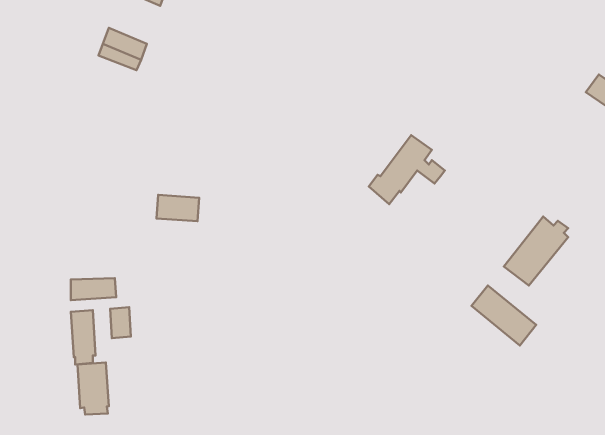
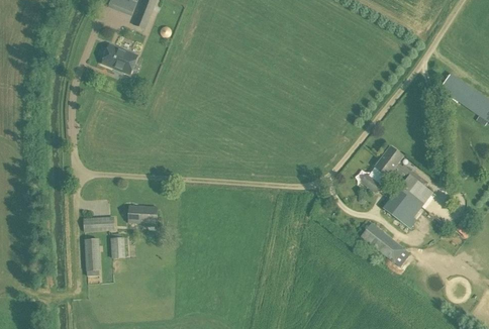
building: [369,135,445,204] -> [361,145,413,193]
building: [157,195,199,221] -> [128,205,158,223]
building: [77,363,109,415] -> none

